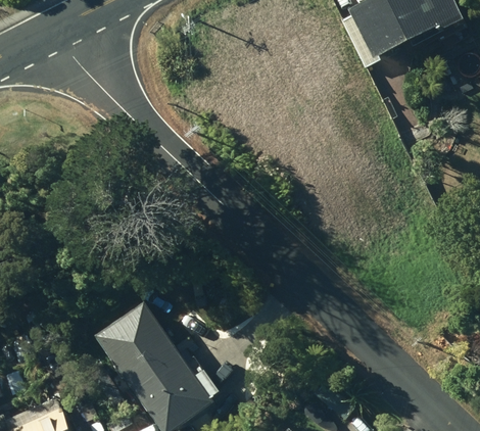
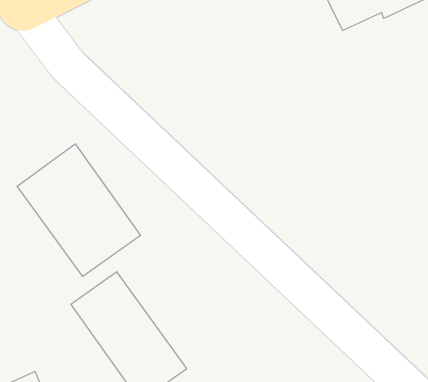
building: none -> [17,144,140,277]

